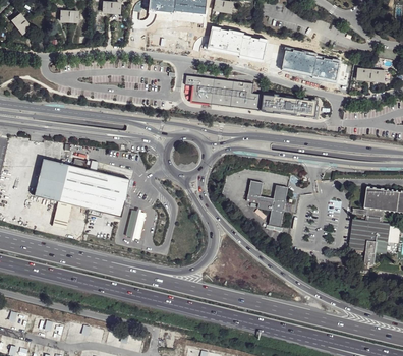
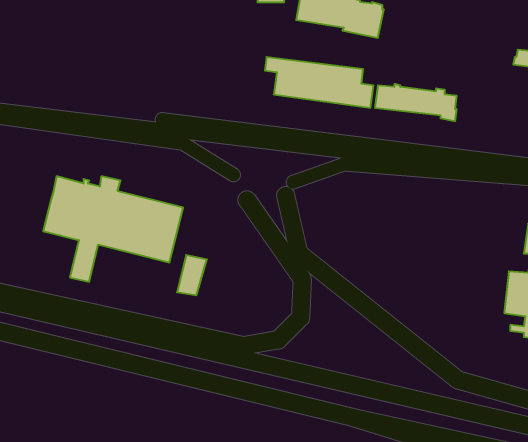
building: [282,47,341,82] -> none
building: [247,179,290,226] -> none

